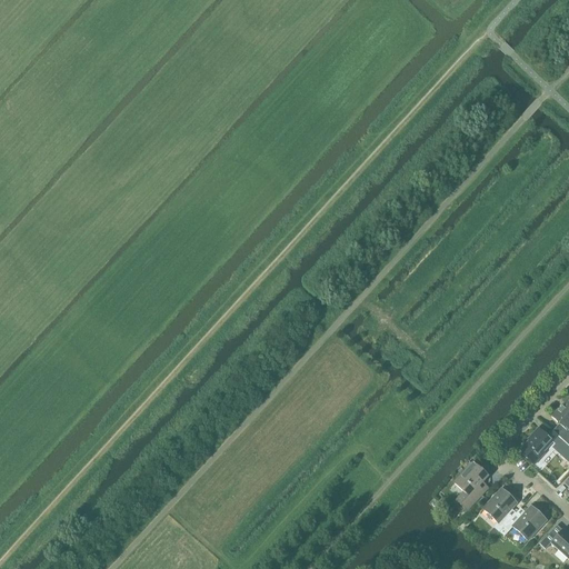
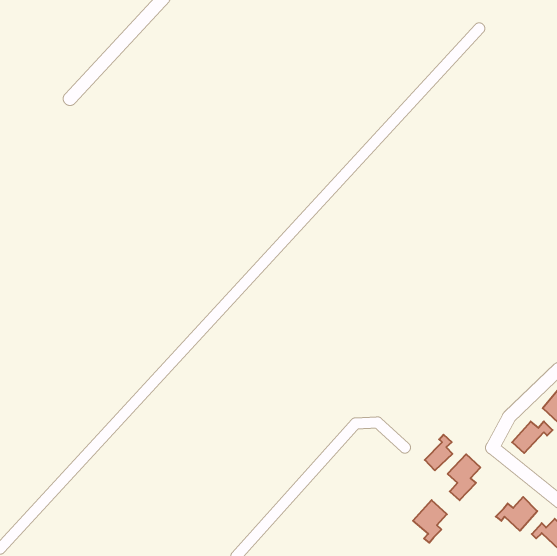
building: none -> [425,435,452,470]
building: [485,487,519,530] -> [413,500,447,543]

